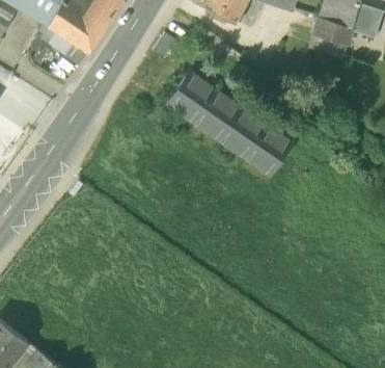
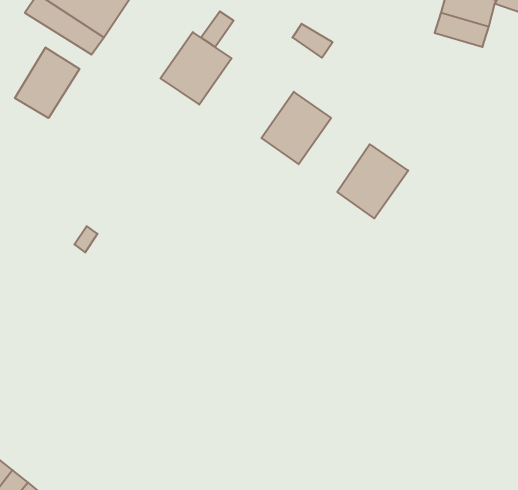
building: none -> [15,47,79,118]
building: [167,71,215,120] -> [160,32,232,105]
building: [218,106,266,156] -> none

